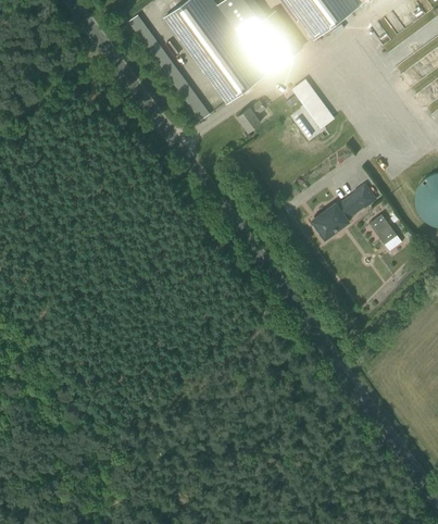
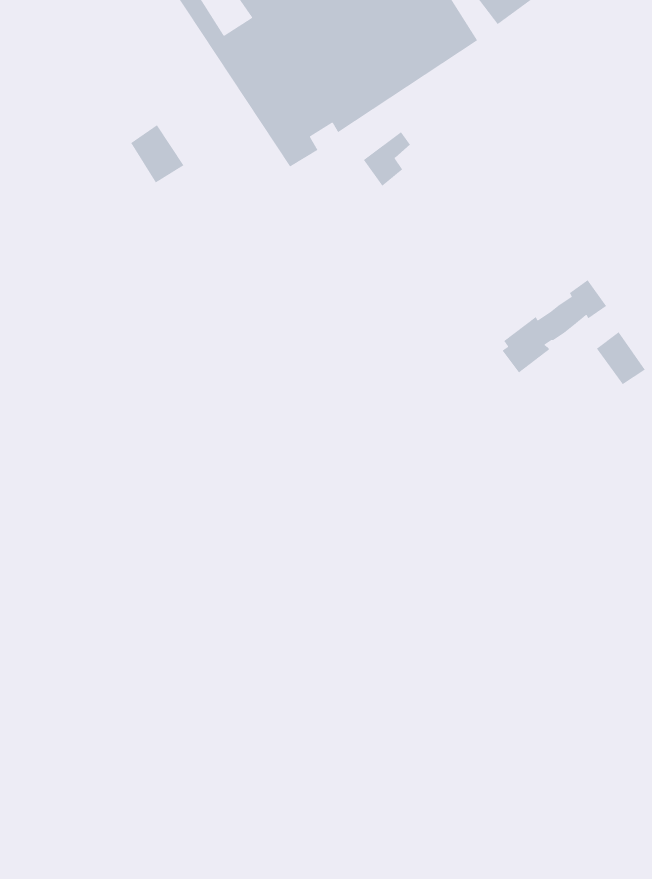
building: [295,79,329,121] -> none
building: none -> [130,124,184,183]

